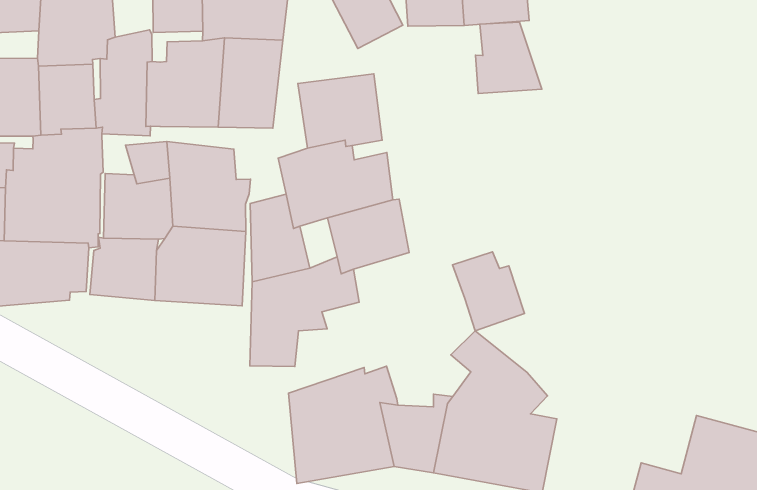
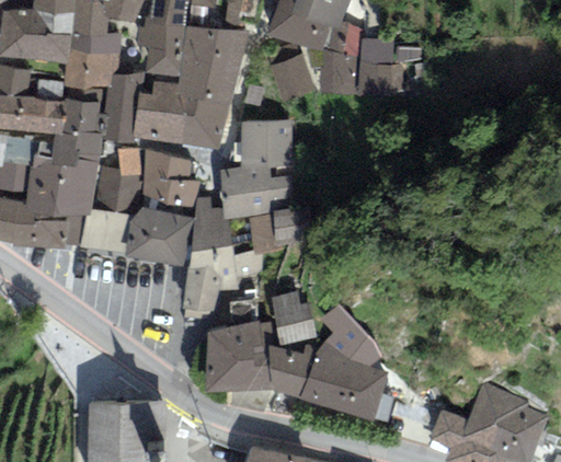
building: [476,22,542,93] -> none
building: [452,252,524,331] -> [270,291,314,344]

